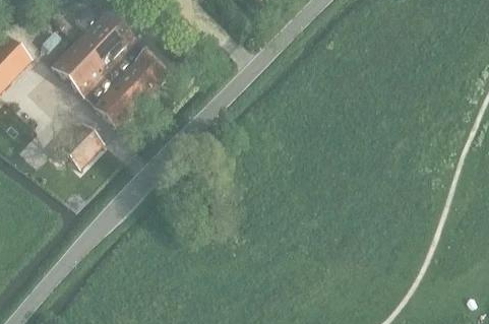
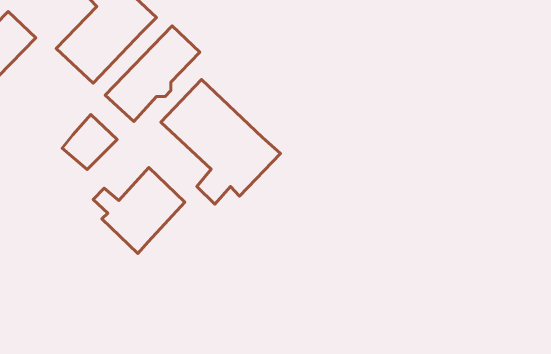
building: none -> [161,80,280,204]
building: none -> [93,167,185,253]

